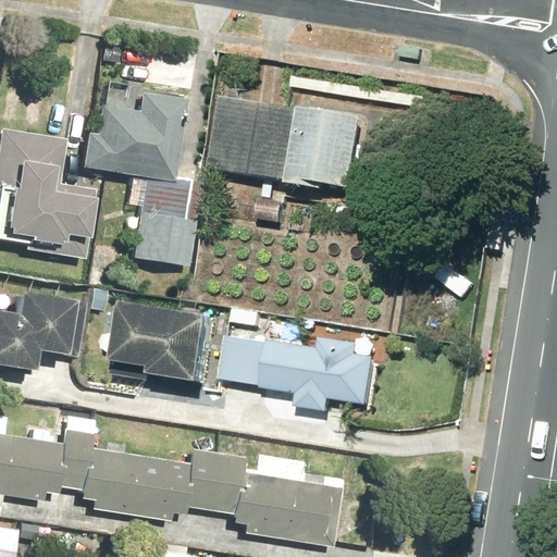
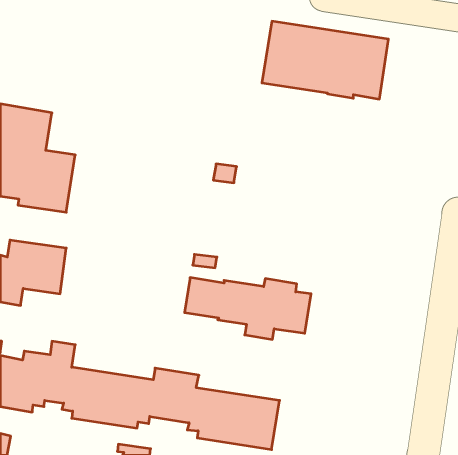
building: [76,91,198,265] -> none
building: [211,96,364,190] -> [262,21,388,99]
building: [117,305,215,386] -> none

